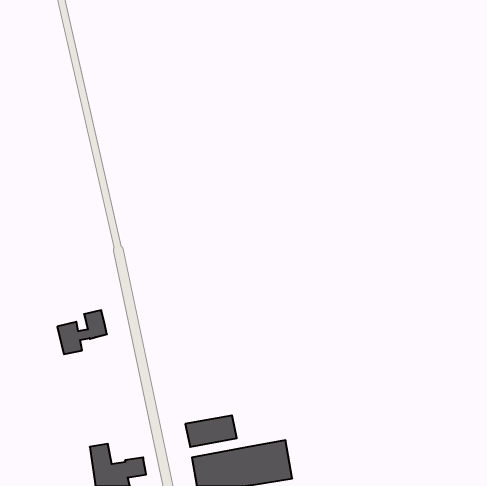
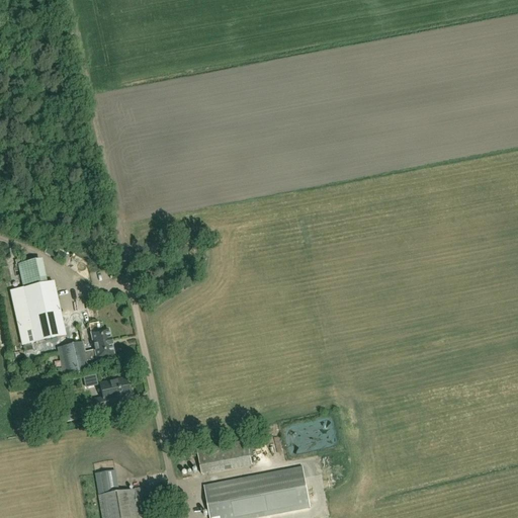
building: none -> [10,258,64,344]
building: none -> [94,377,128,410]

